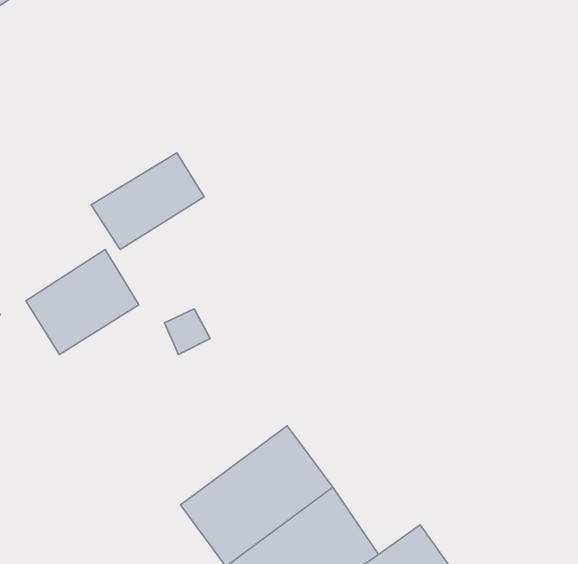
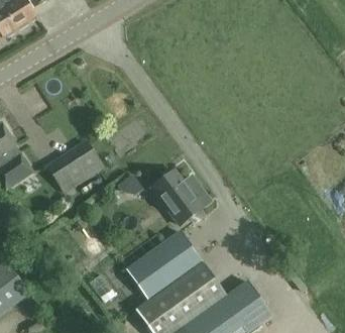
building: [91,153,204,250] -> none
building: none -> [151,170,211,226]

